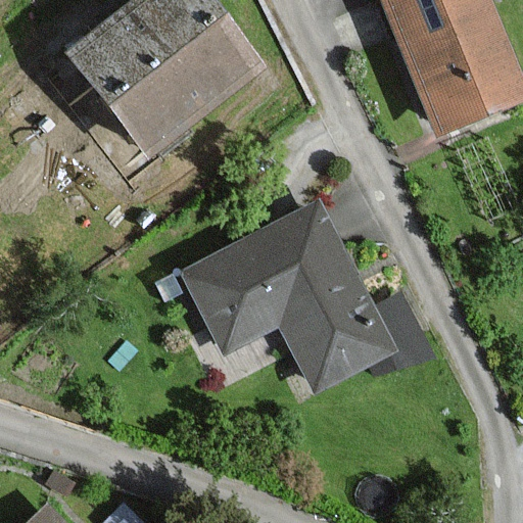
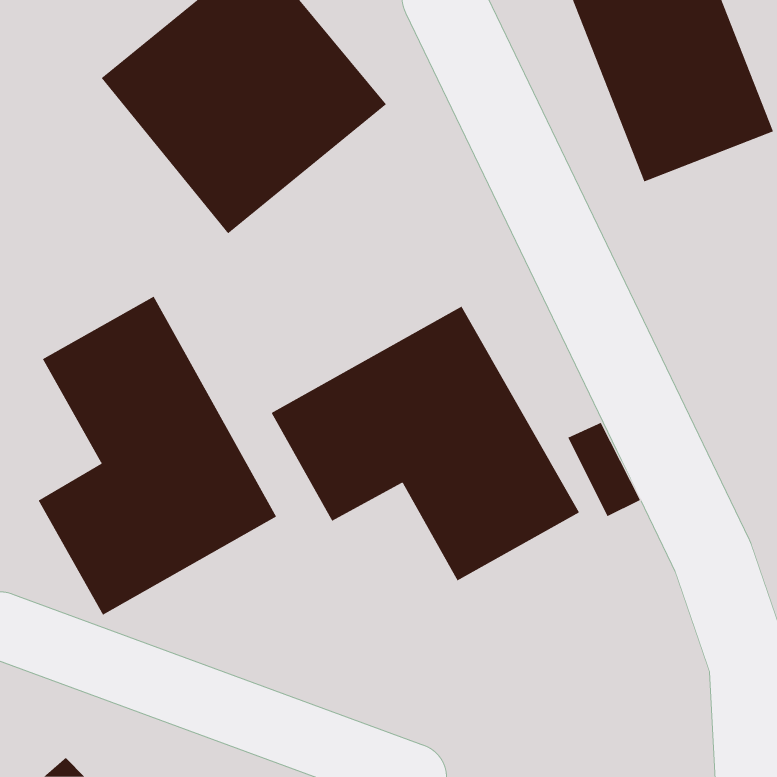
building: none -> [38,296,277,616]

